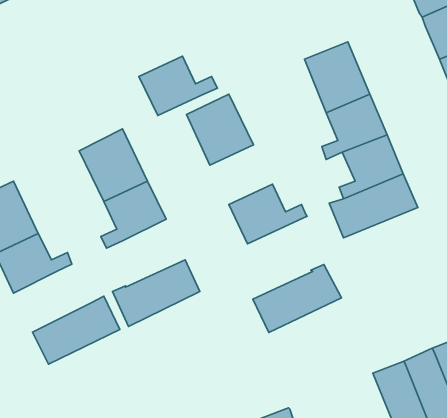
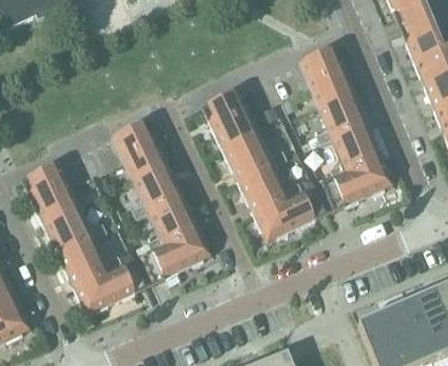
building: [139,56,217,116] -> [220,131,285,181]
building: none -> [144,193,199,250]
building: [253,264,341,333] -> [251,184,325,241]
building: none -> [56,236,120,287]

